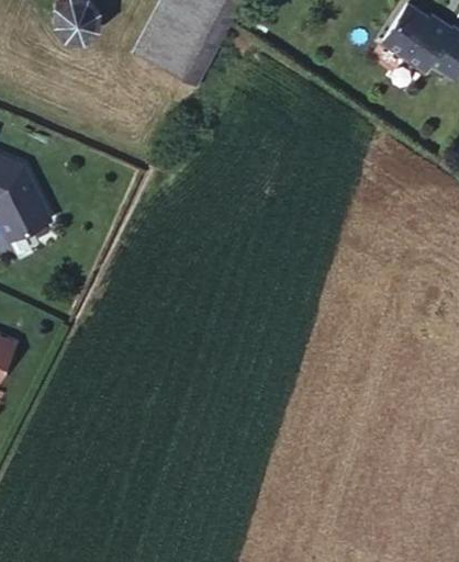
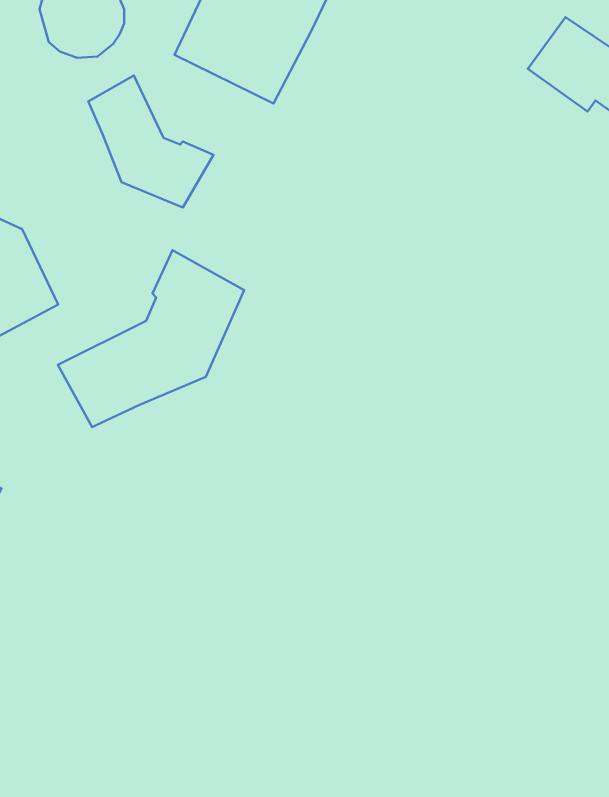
building: none -> [88,75,214,208]
building: none -> [58,250,244,427]

